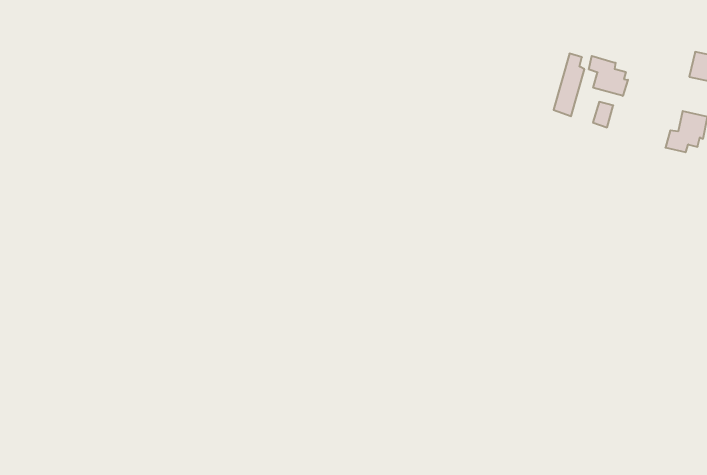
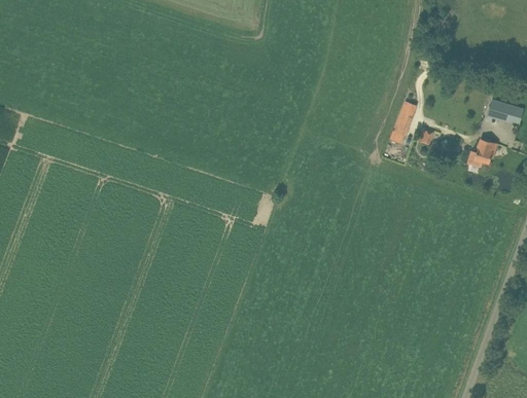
building: [589,56,628,96] -> none

